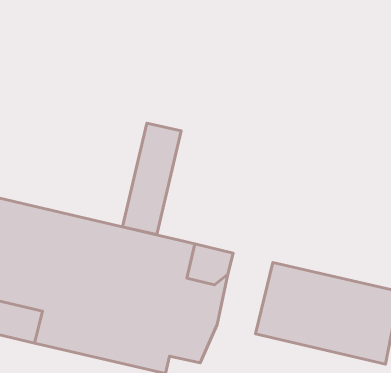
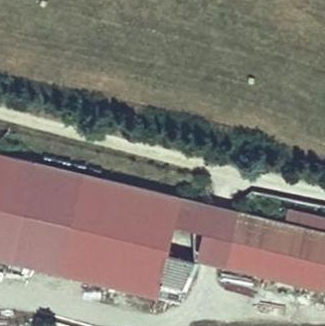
building: [122,123,181,235] -> none
building: none -> [174,201,216,263]

